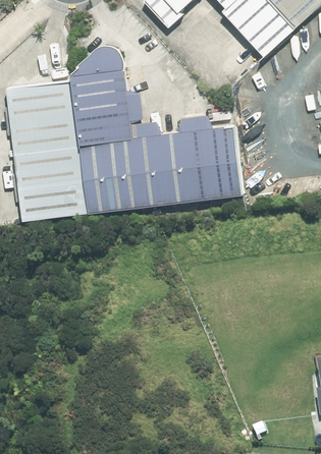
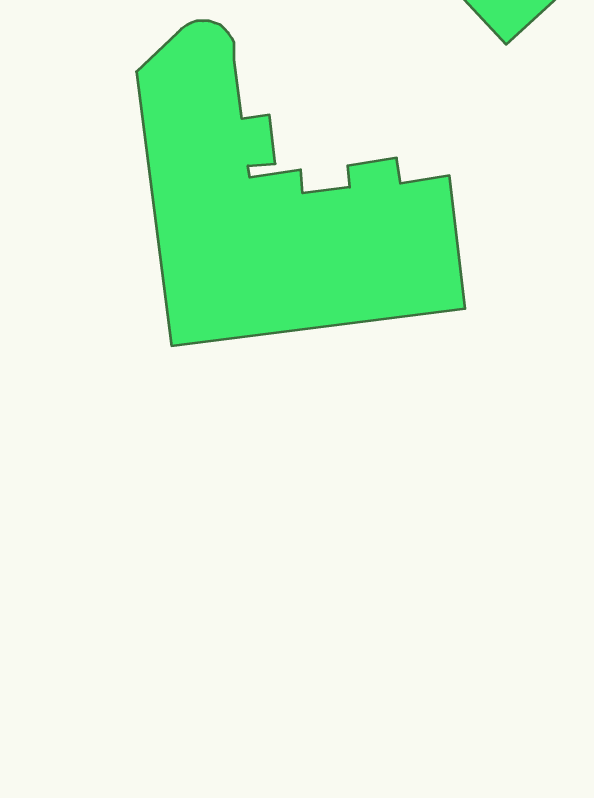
building: [8,78,88,220] -> none

